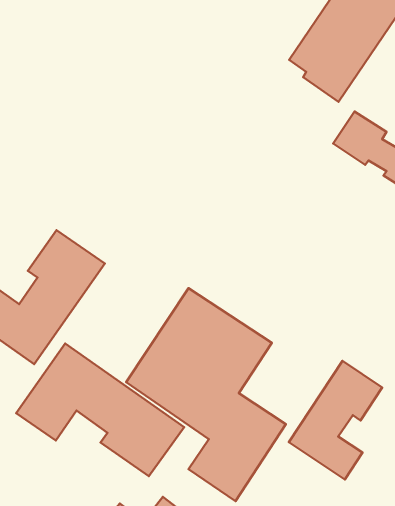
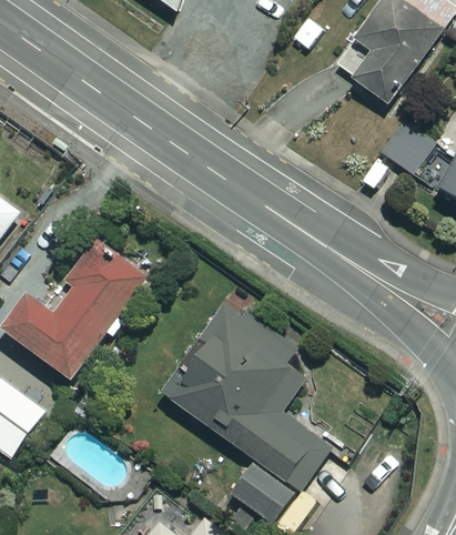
building: [16,344,184,476] -> none
building: [289,361,382,479] -> none

